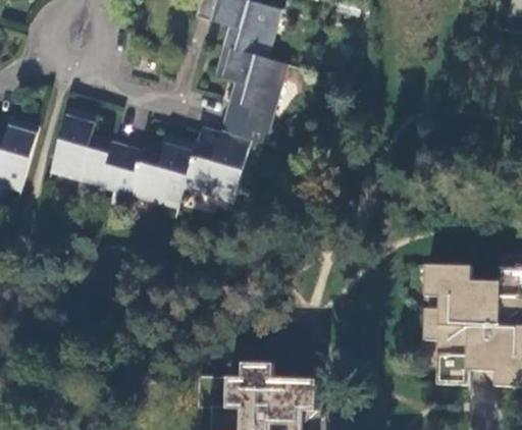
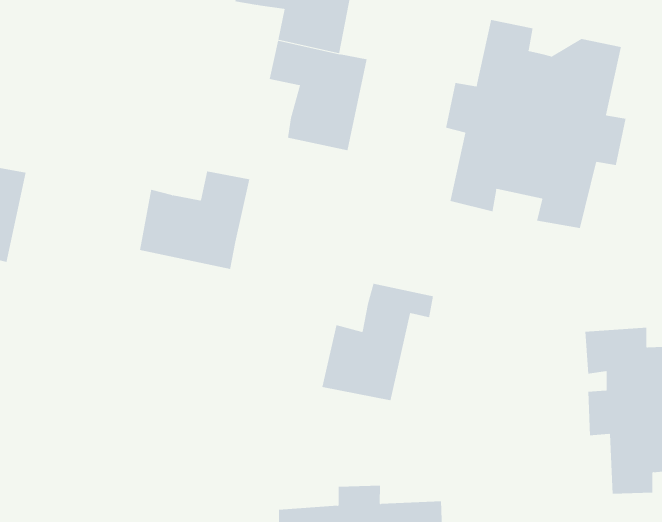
building: none -> [445,19,626,229]
building: [50,108,125,187] -> none
building: [184,115,268,200] -> [322,283,434,401]

